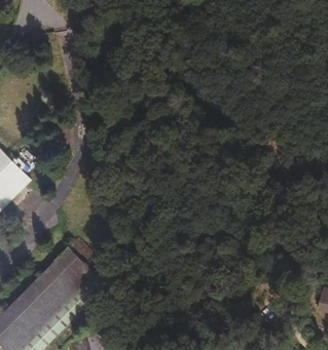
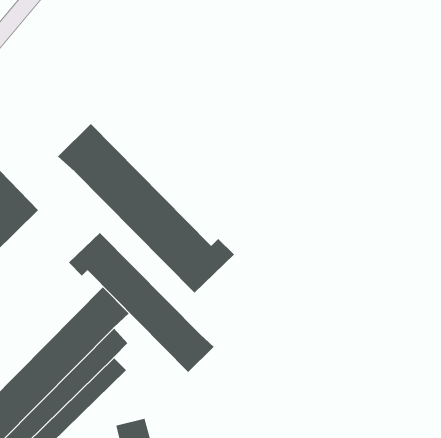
building: none -> [57,123,235,293]
building: none -> [68,232,215,373]

